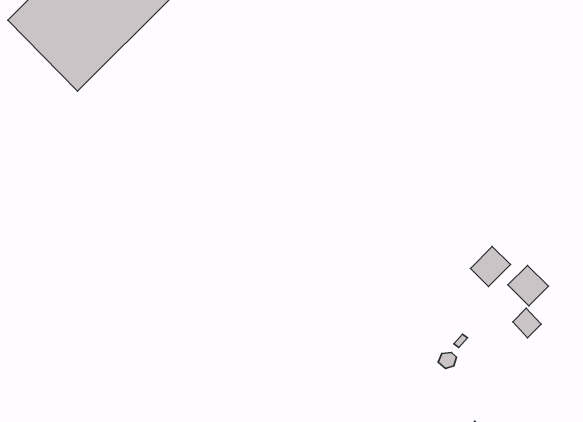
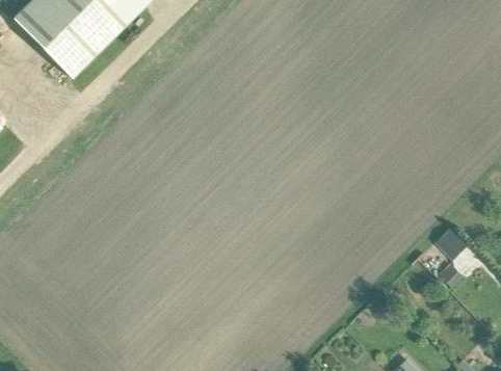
building: [470,246,510,287] -> none

